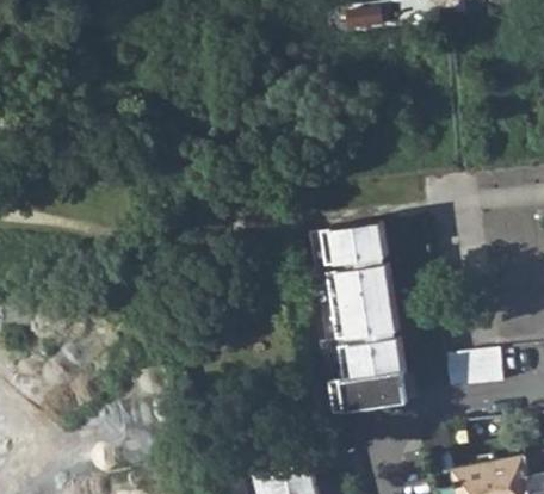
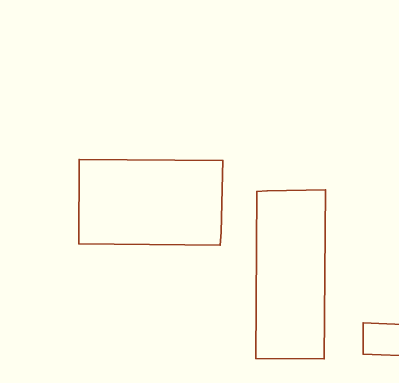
building: none -> [79,159,223,245]

